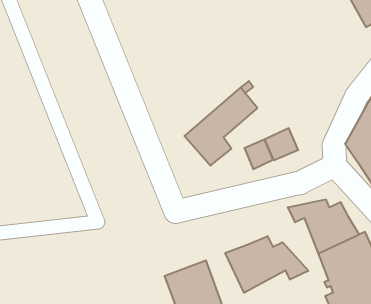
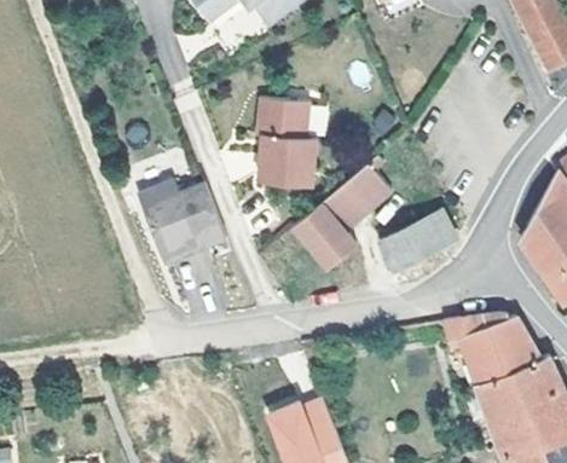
building: none -> [258,96,317,183]
building: none -> [134,178,224,262]
building: [225,236,308,293] -> none

